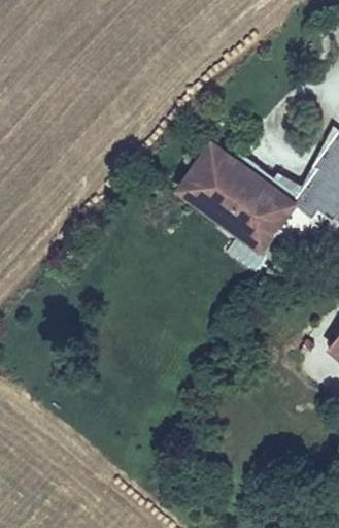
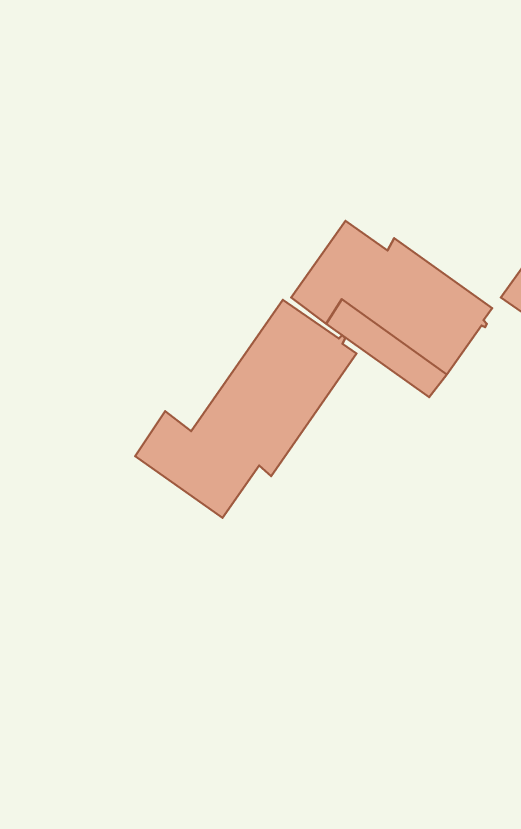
building: none -> [135,300,357,518]

